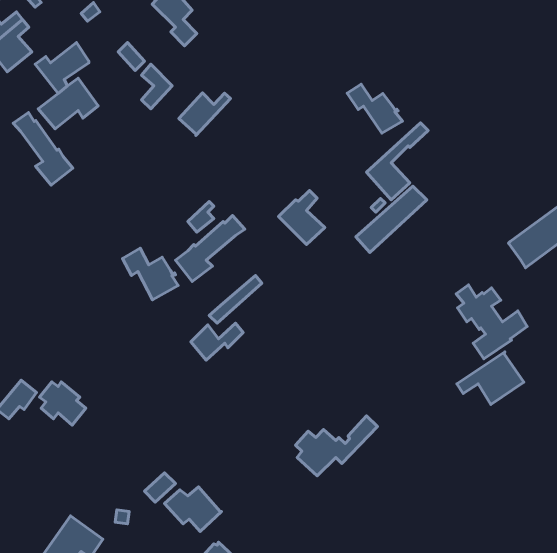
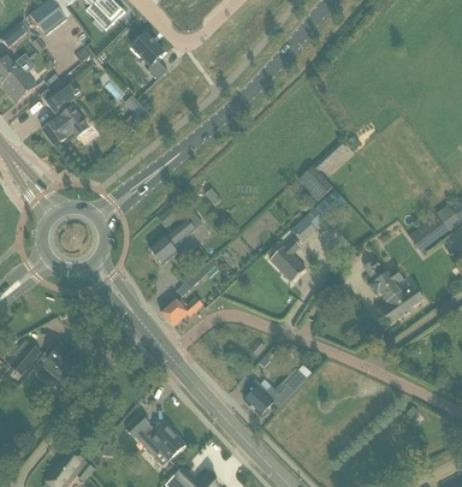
building: [347,84,403,133] -> none
building: [179,93,230,135] -> none
building: [13,112,73,185] -> none
building: [279,190,325,244] -> [270,239,306,281]
building: [123,248,178,300] -> none
building: [457,352,524,404] -> none

